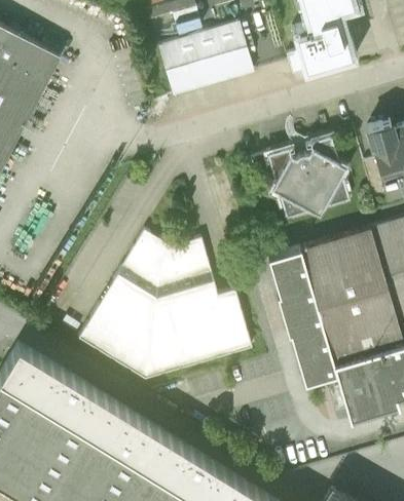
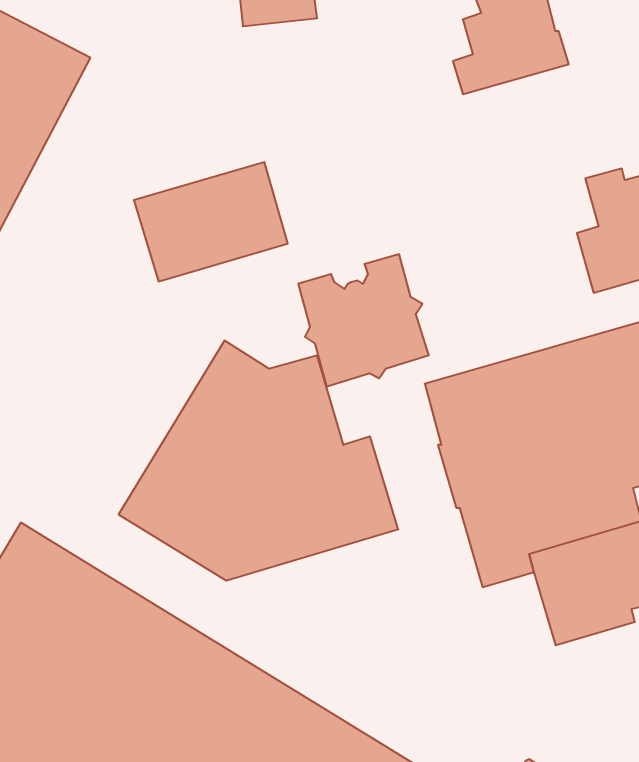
building: [157,24,253,98] -> [134,162,288,281]
building: [267,138,348,220] -> [298,254,429,387]

